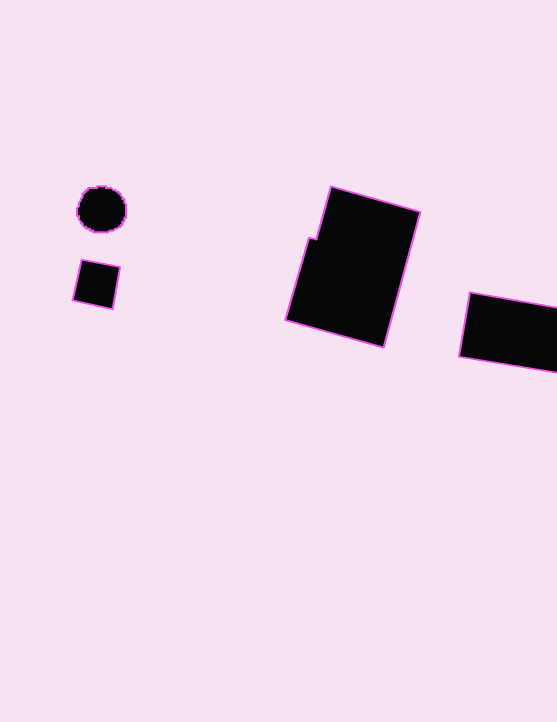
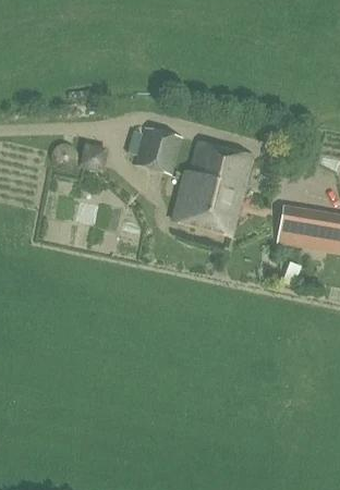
building: none -> [126,125,181,173]
building: [72,260,120,309] -> [77,142,106,171]

